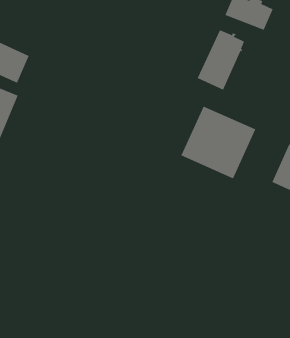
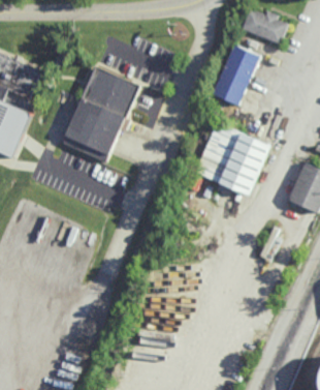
building: none -> [59,67,136,161]

